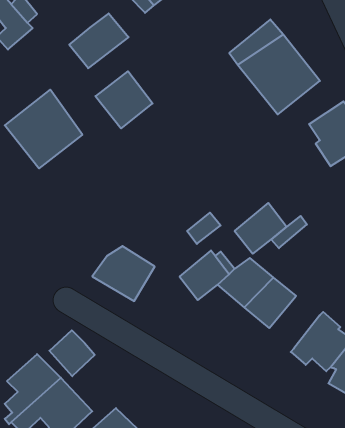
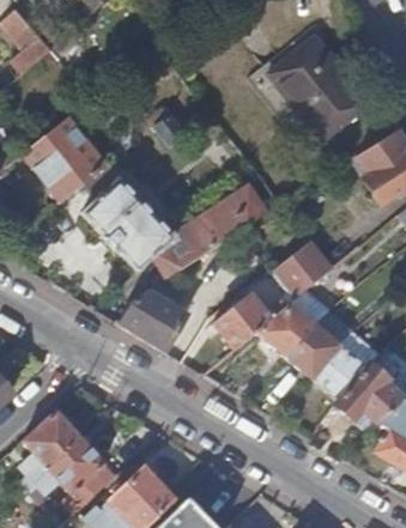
building: [69,13,129,68] -> none
building: none -> [81,177,266,278]
building: none -> [313,344,369,402]
building: [49,330,95,376] -> none

